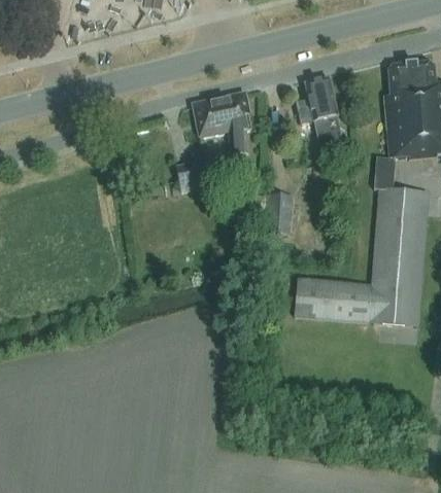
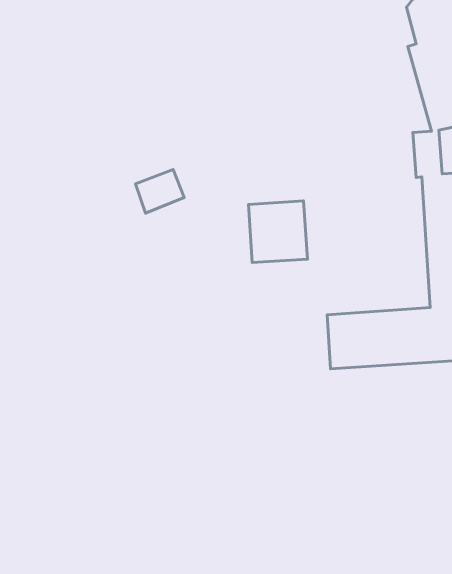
building: [303,75,341,145] -> none
building: [194,92,250,168] -> none

